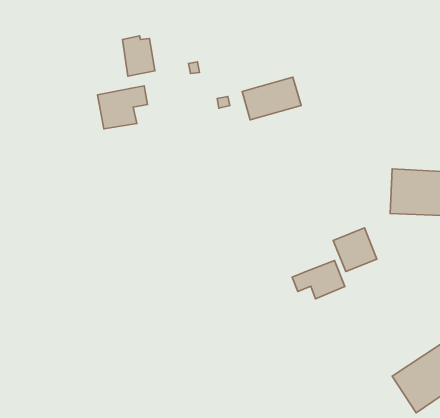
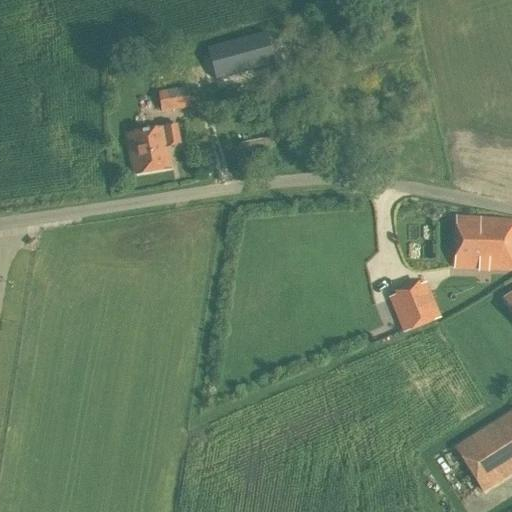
building: [242,77,301,120] -> [208,31,274,79]
building: [292,260,345,299] -> none

